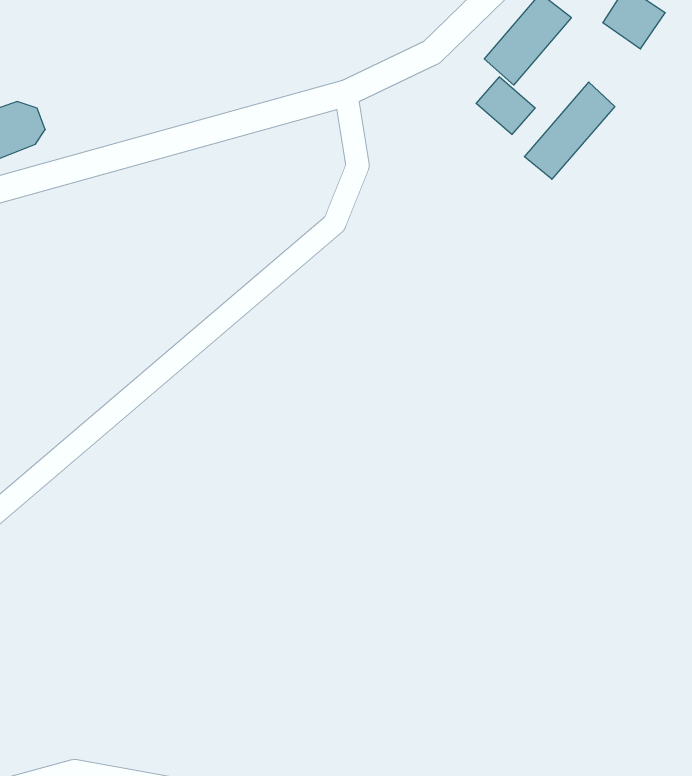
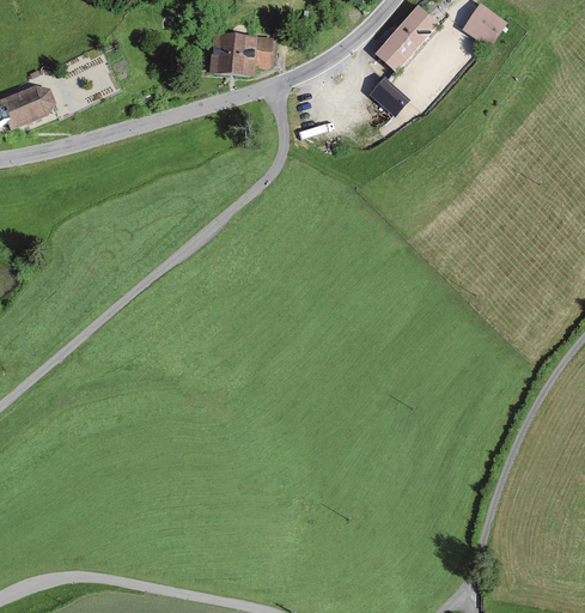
building: none -> [209,34,272,75]
building: [524,82,615,179] -> none

